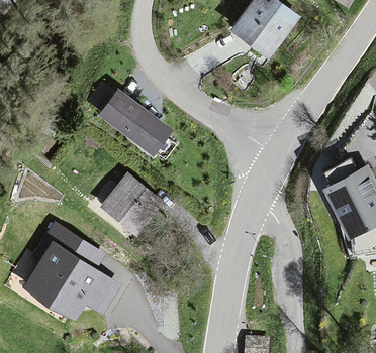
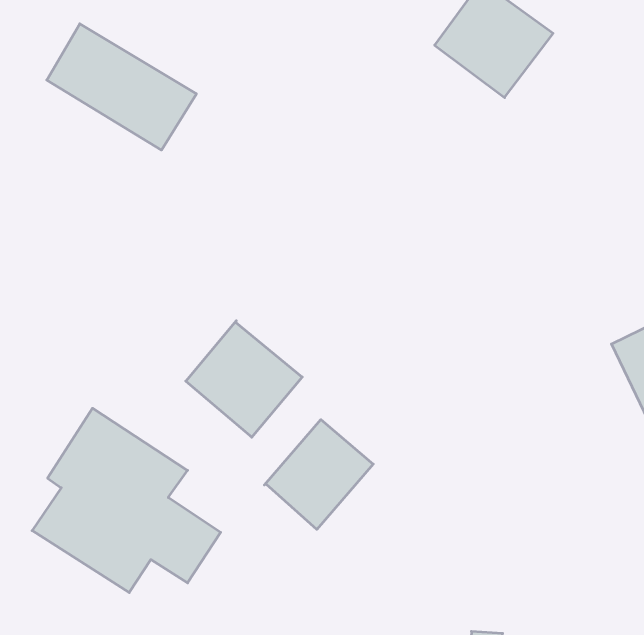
building: [98,80,176,145] -> [47,24,196,150]
building: none -> [264,420,373,529]

